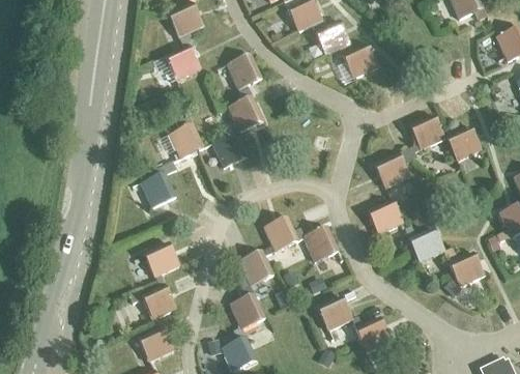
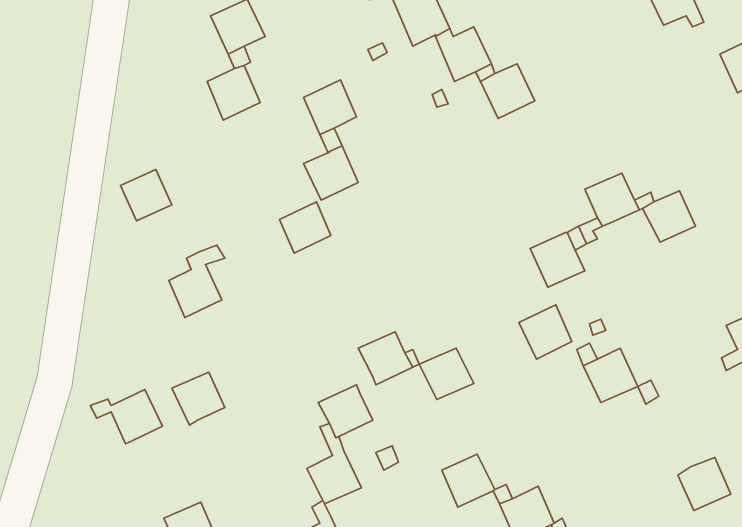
building: [170,124,203,157] -> [120,170,172,221]
building: [449,252,483,286] -> [678,457,731,510]
building: [129,284,176,319] -> [90,389,163,444]

